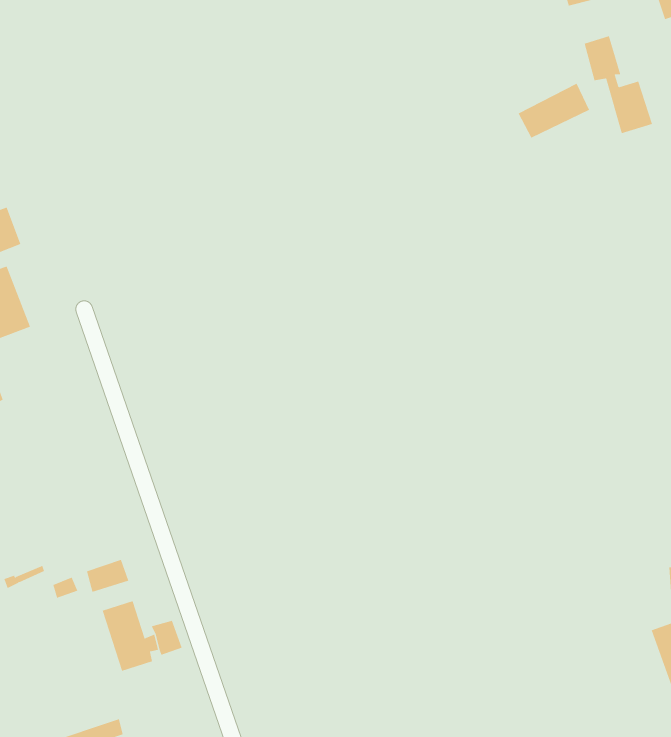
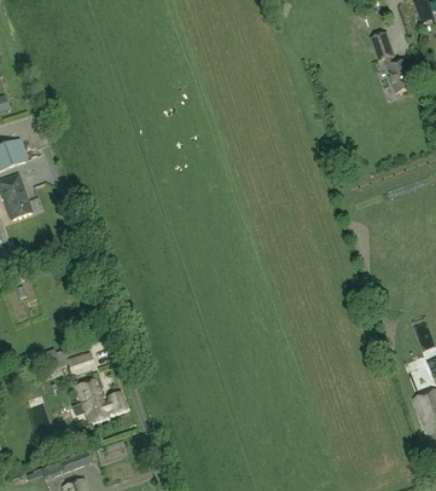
building: [518,83,590,138] -> none

